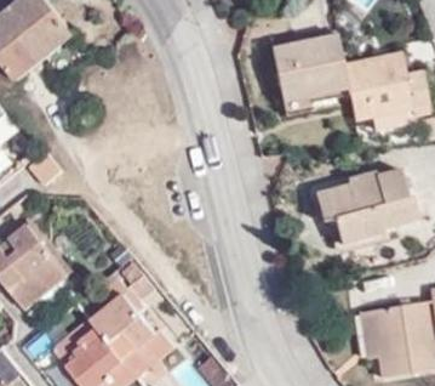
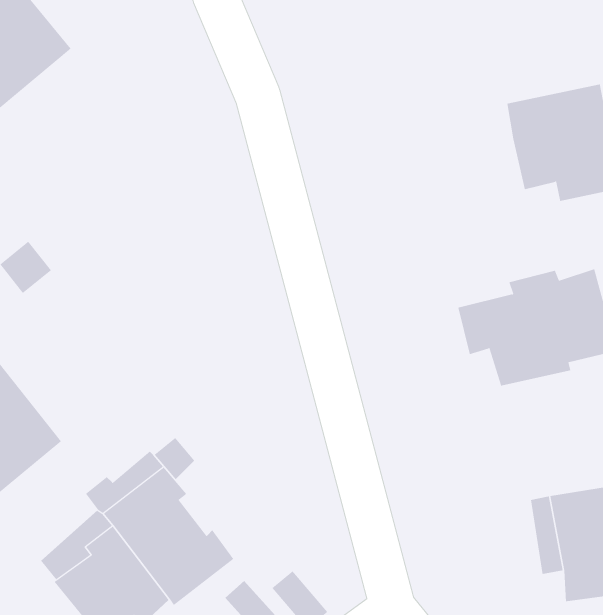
building: [269,36,345,102] -> none

